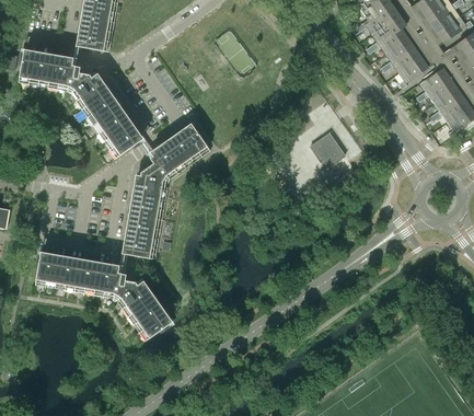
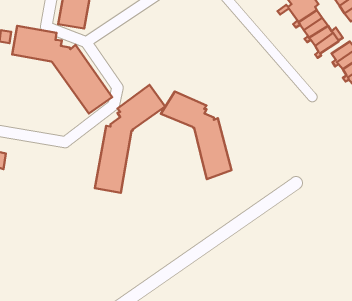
building: none -> [161,92,231,179]
building: [311,132,345,167] -> none
building: [35,250,174,340] -> none

